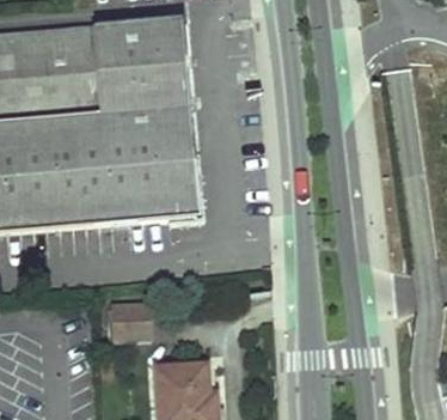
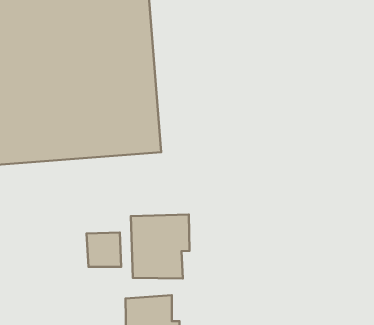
building: none -> [131,214,189,279]

